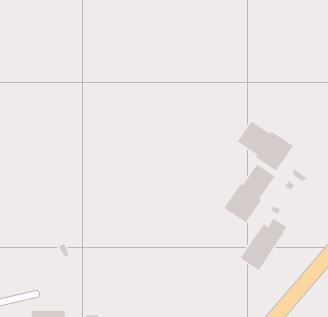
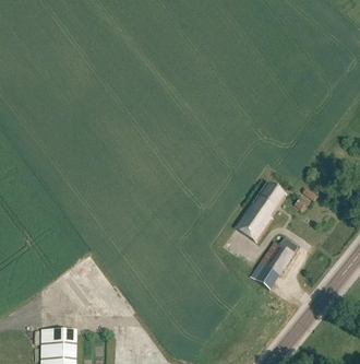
building: [237,120,294,172] -> none

